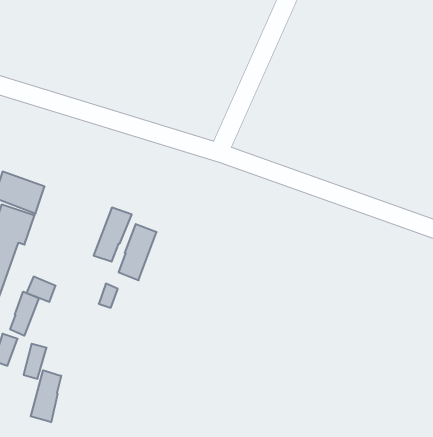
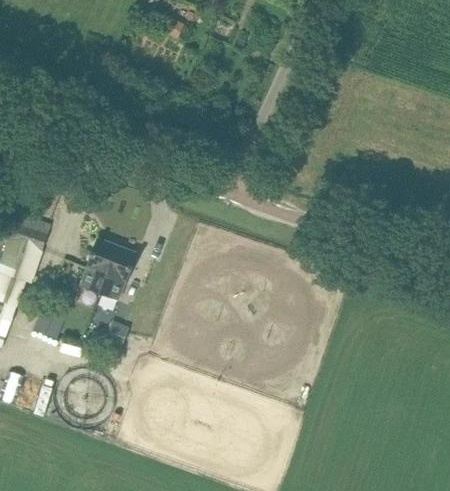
building: [119,224,157,280] -> [79,238,117,294]
building: [10,292,39,336] -> none
building: [31,370,61,422] -> none

